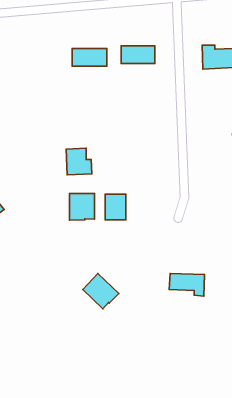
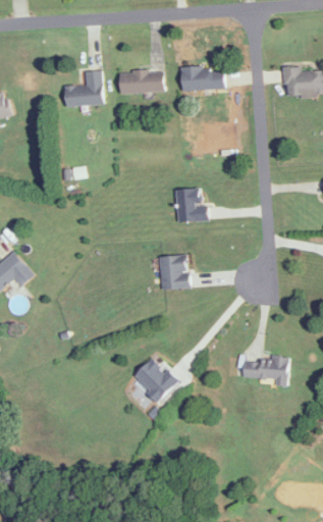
building: none -> [64,69,103,106]
building: [66,148,92,175] -> [175,189,208,222]
building: [70,193,94,220] -> none

